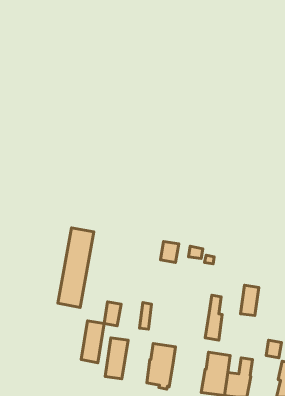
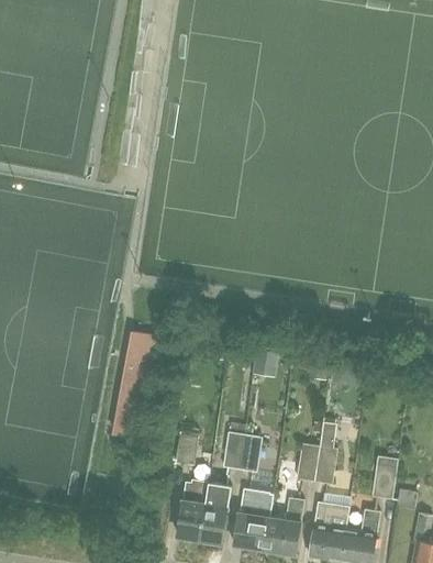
building: [240,285,259,316] -> [373,456,398,498]
building: none -> [236,434,262,472]
building: none -> [297,443,320,481]
building: [81,321,104,363] -> [200,484,232,541]
building: none -> [265,496,304,553]

